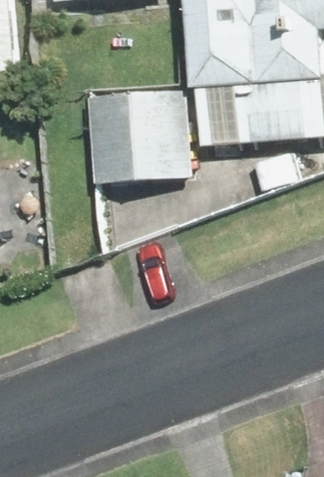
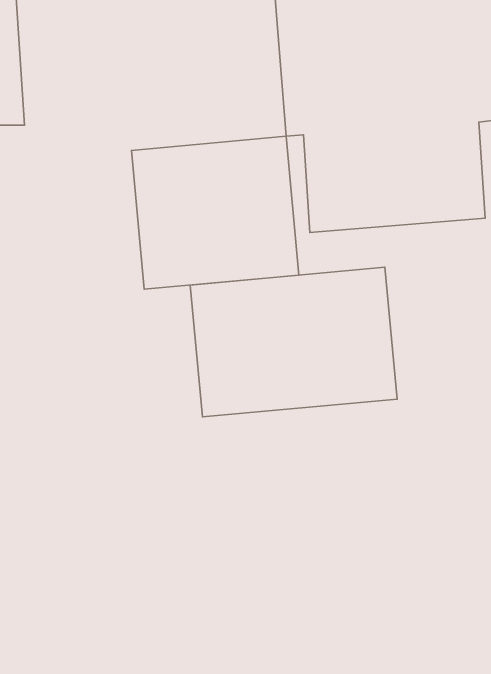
building: none -> [190,267,397,417]

